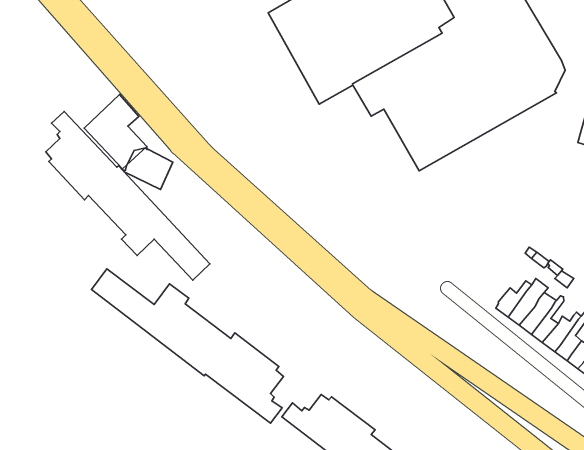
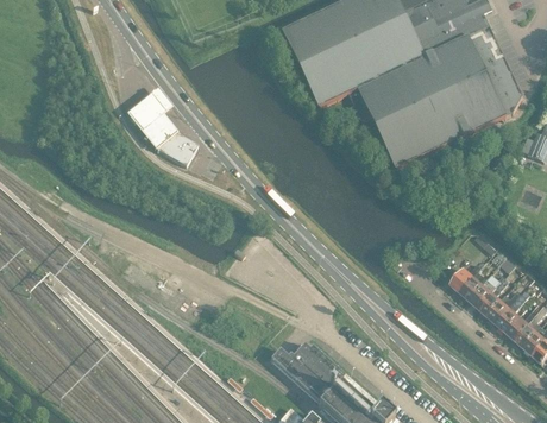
building: [46,111,210,280] -> none
building: [91,269,283,423] -> none

